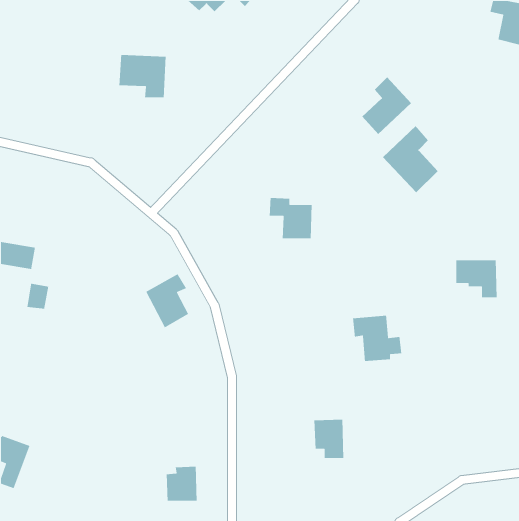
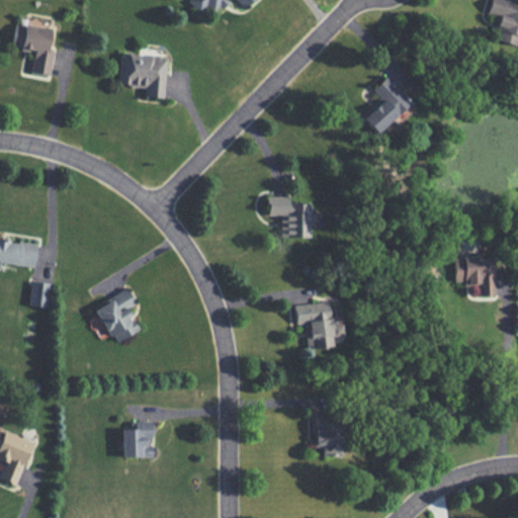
building: none -> [23,26,55,76]
building: [382,125,439,193] -> none
building: [145,273,189,328] -> [96,289,140,344]
building: [352,315,402,362] -> [295,303,345,349]
building: [166,466,197,502] -> [122,422,154,457]

